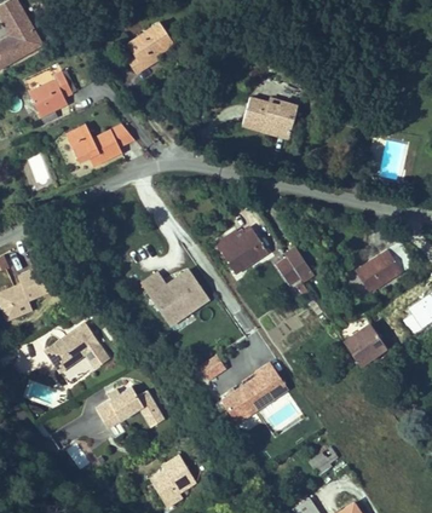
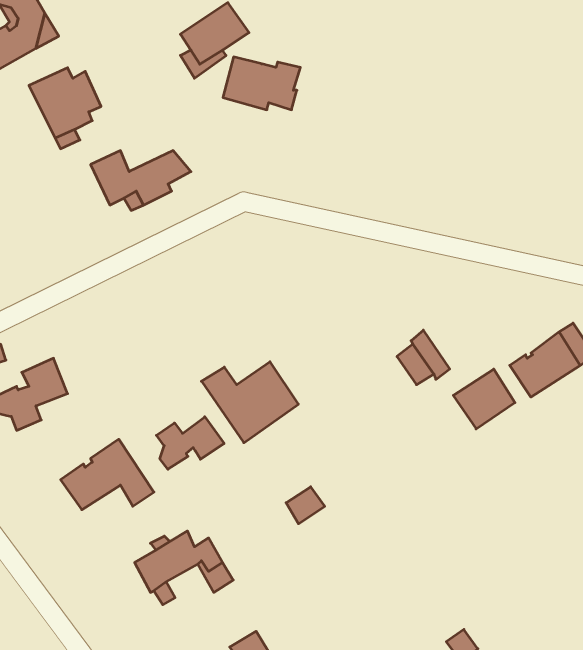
building: [242,98,295,134] -> [223,57,300,110]
building: [215,229,267,275] -> none
building: none -> [156,417,224,469]
building: [344,324,386,365] -> [453,369,515,429]
building: [221,363,287,423] -> none

